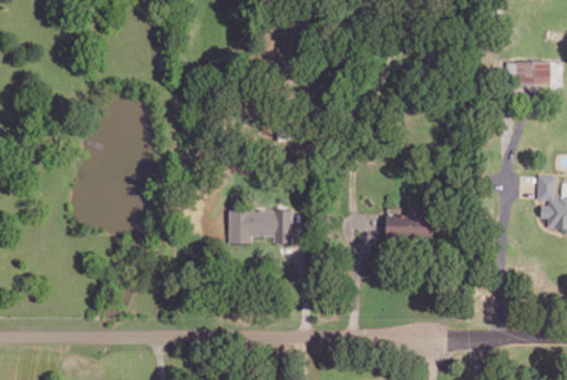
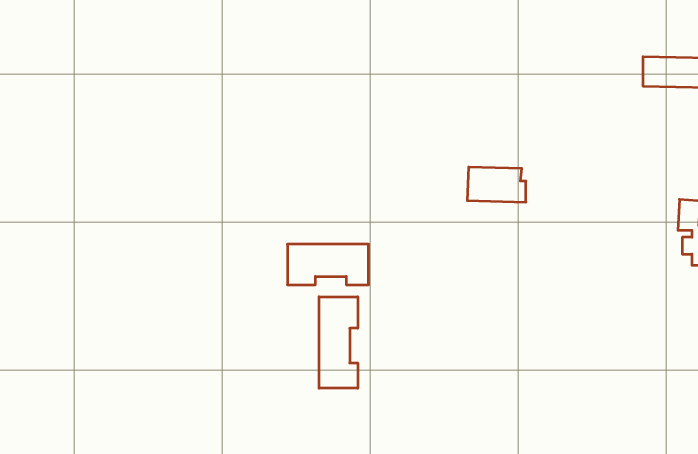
building: [386,209,433,237] -> [467,167,526,202]
building: none -> [319,297,358,388]

